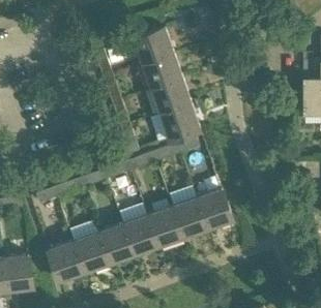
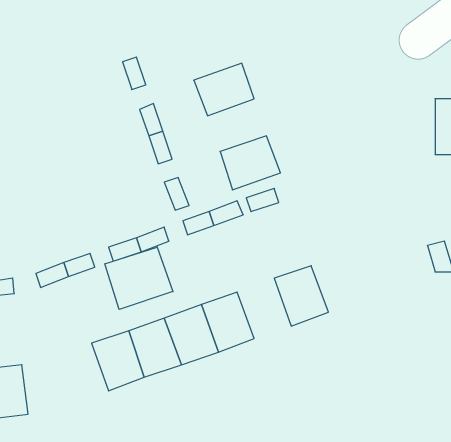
building: [133,28,173,64] -> none
building: [150,76,189,112] -> none
building: none -> [105,247,173,309]
building: [170,196,206,237] -> none
building: [48,240,84,280] -> none

